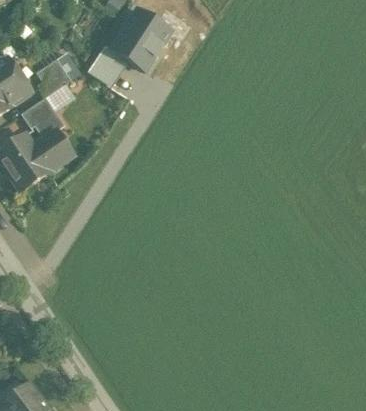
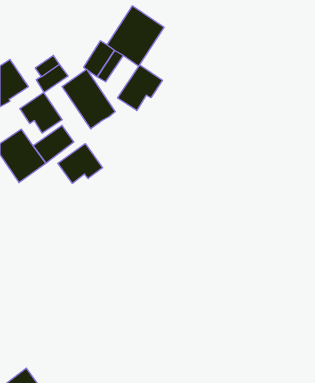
building: none -> [118,65,162,111]
building: none -> [62,69,115,129]
building: none -> [58,144,103,183]

